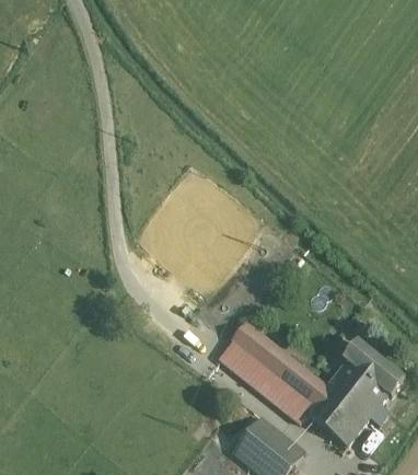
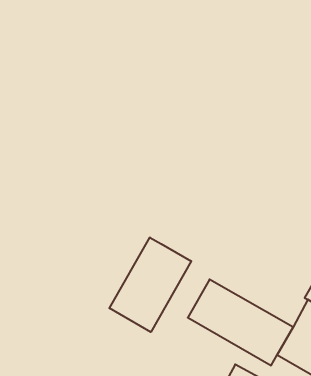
building: none -> [109,237,191,332]

